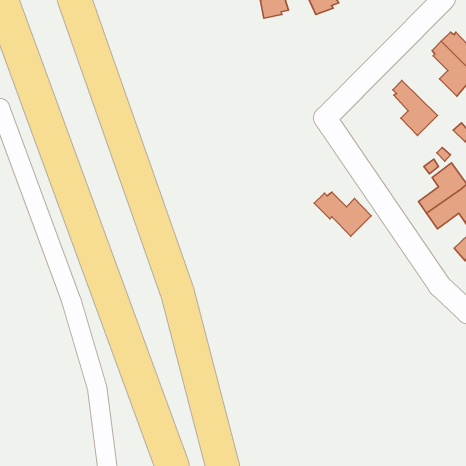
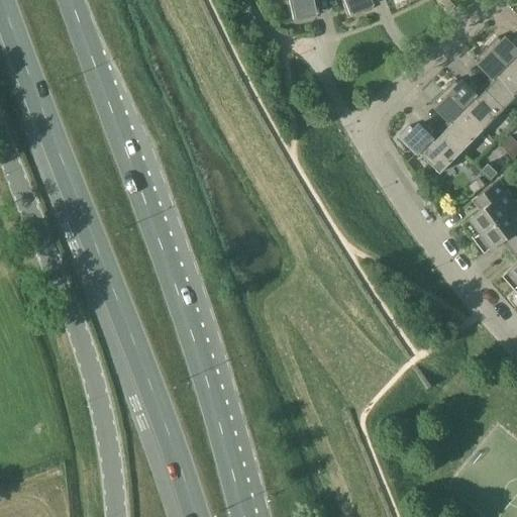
building: none -> [445,79,506,127]
building: [314,192,371,236] -> [400,123,462,172]

